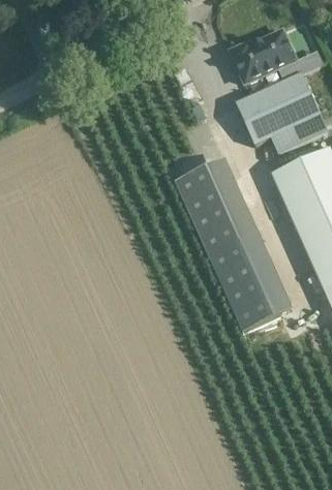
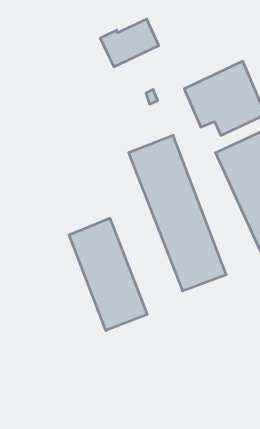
building: [233,28,299,82] -> [100,19,159,67]
building: none -> [69,218,147,331]

